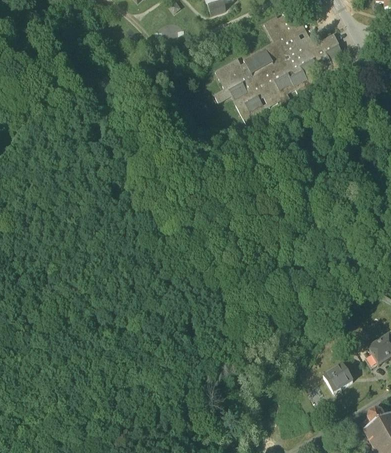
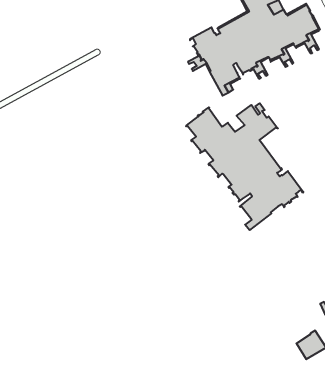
building: none -> [186,103,303,230]

